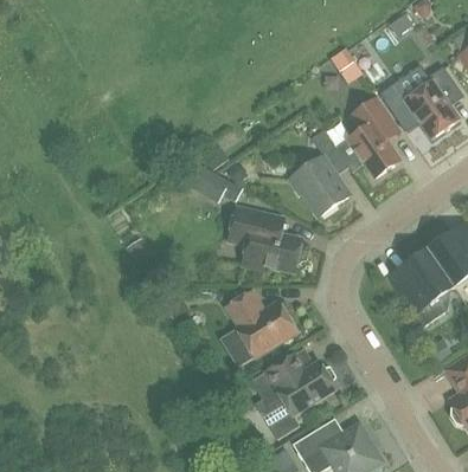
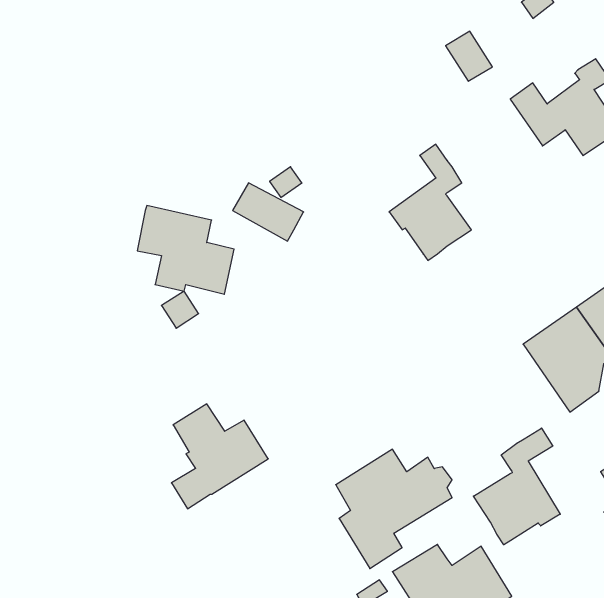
building: [336,97,400,176] -> none
building: [230,206,301,271] -> [137,206,234,294]
building: [225,290,296,367] -> [171,404,268,509]
building: none -> [473,428,560,545]

